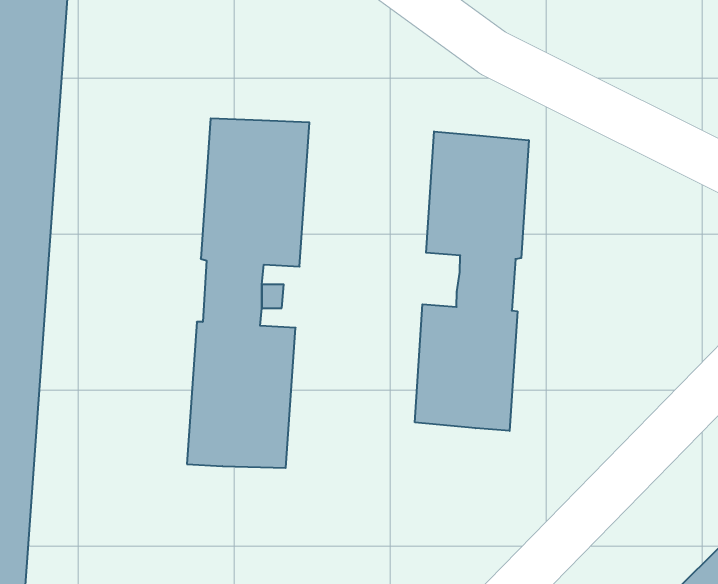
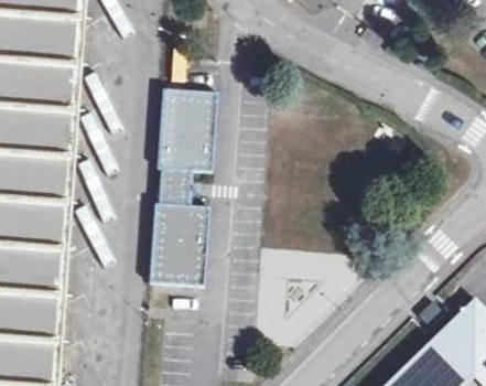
building: [415,131,529,431] -> none

